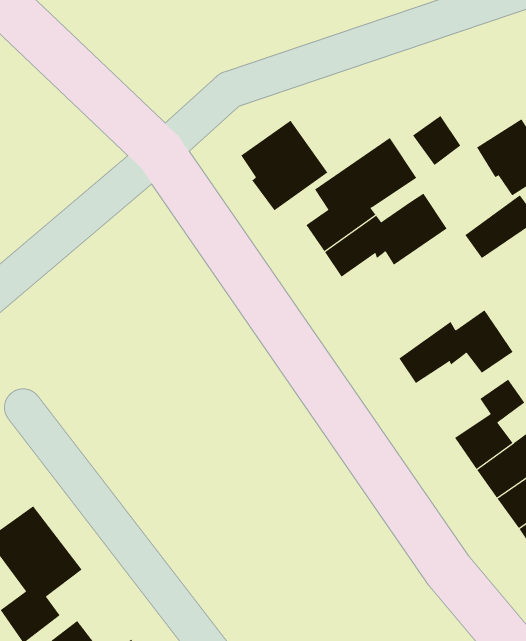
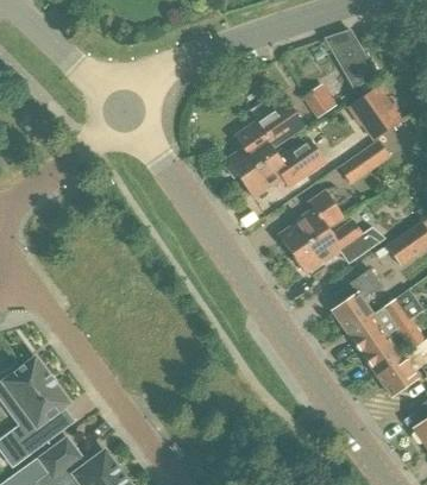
building: none -> [333,37,377,88]
building: [240,120,328,211] -> none
building: none -> [280,189,345,253]

